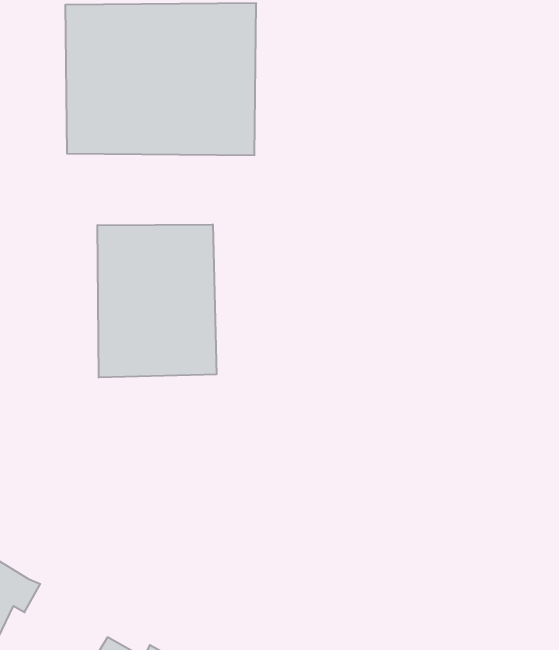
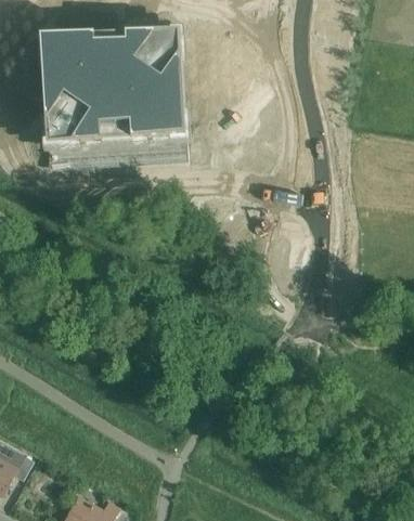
building: [97,224,216,378] -> none

